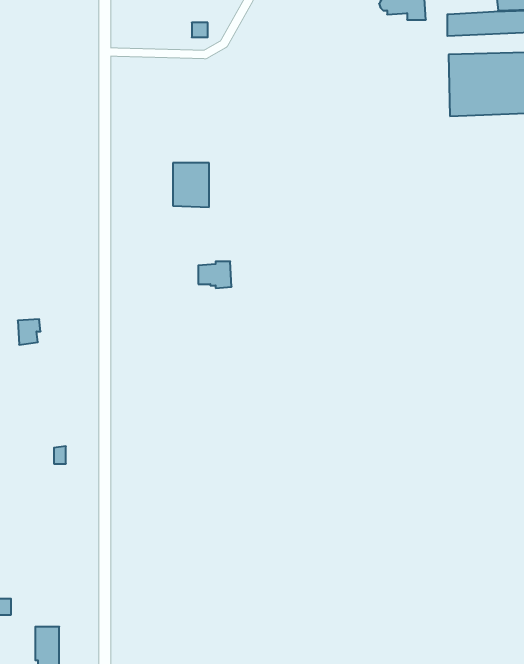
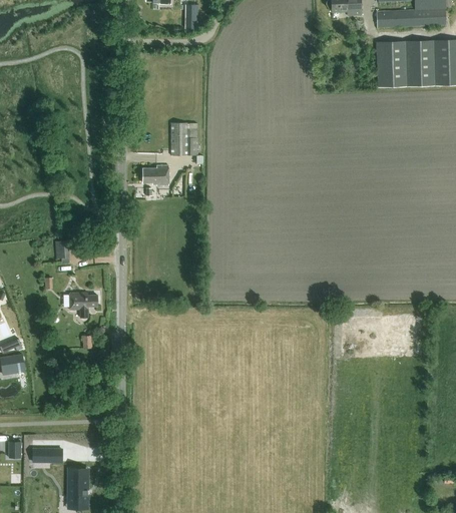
building: [198,261,232,288] -> [143,165,168,185]
building: none -> [69,292,97,317]

